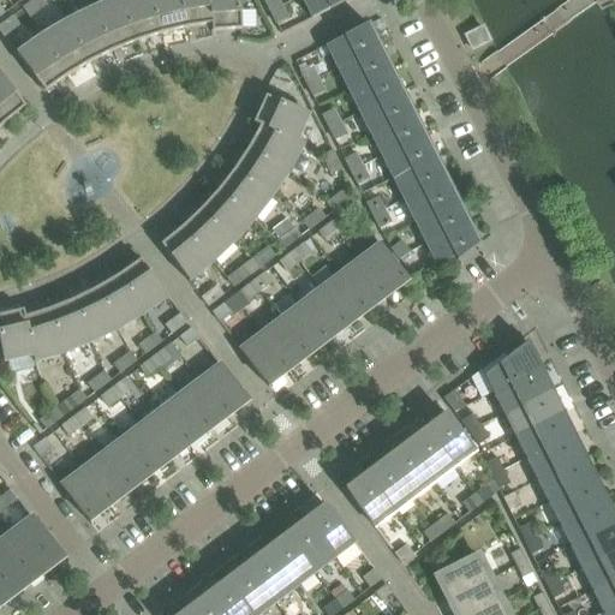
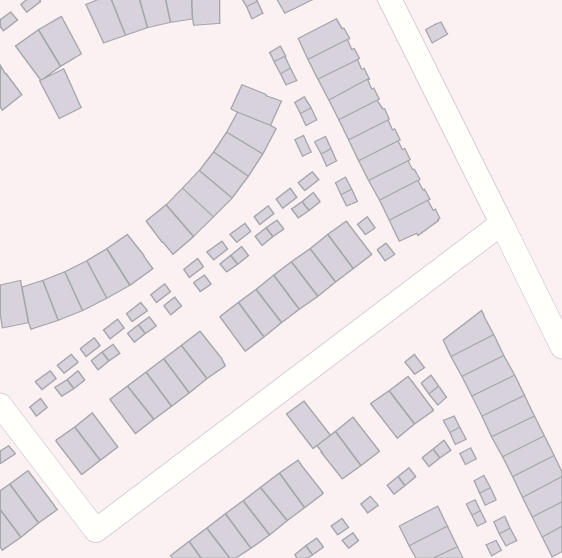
building: [67,5,113,59] -> [40,69,81,118]
building: [101,436,148,488] -> none
building: [386,441,434,492] -> [287,401,331,448]

